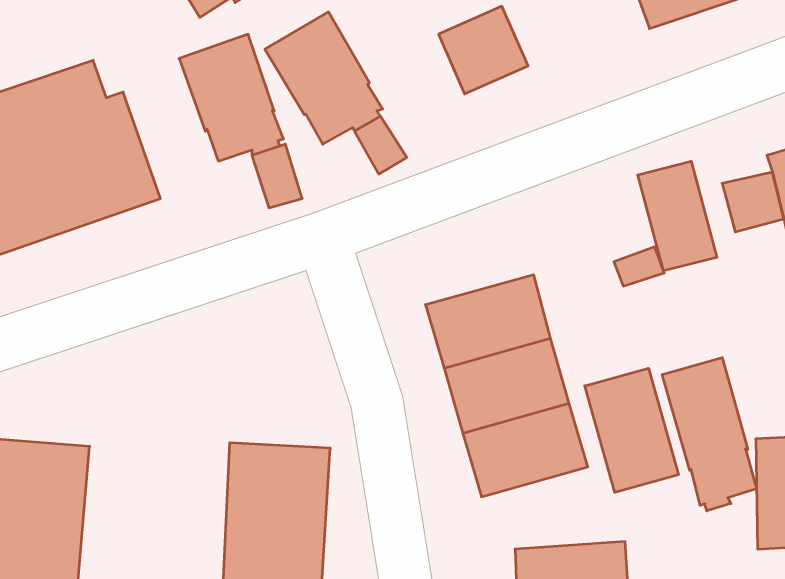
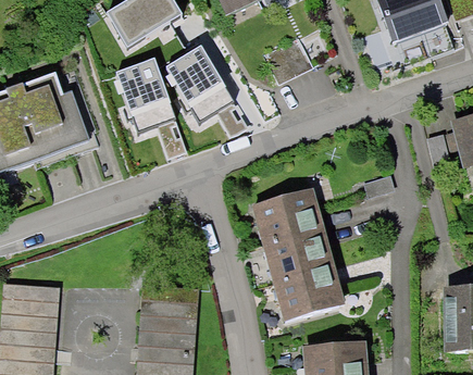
building: [638,161,717,271] -> none
building: [662,358,757,511] -> none
building: [585,368,678,492] -> none

